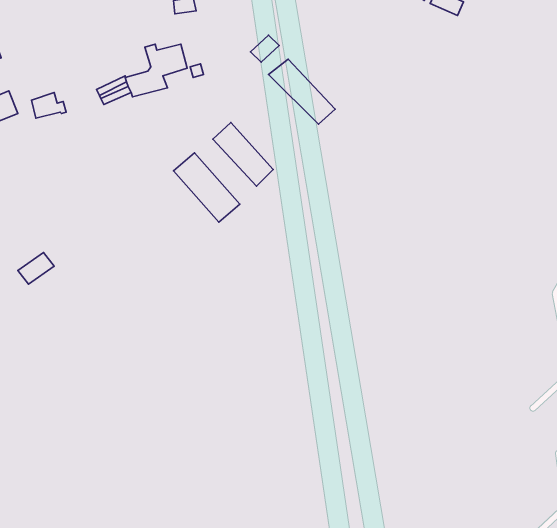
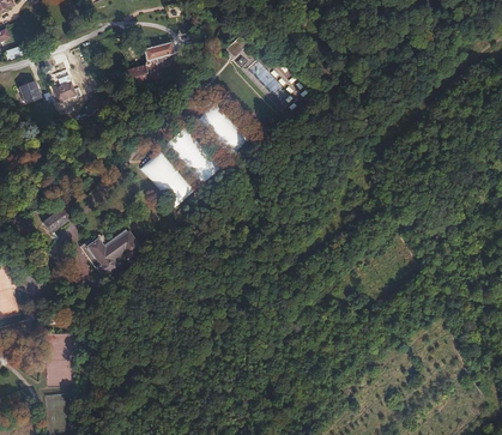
building: none -> [141,152,193,206]
building: none -> [89,238,128,274]

